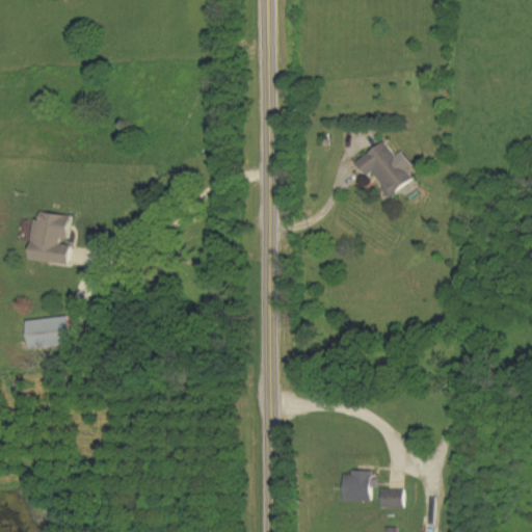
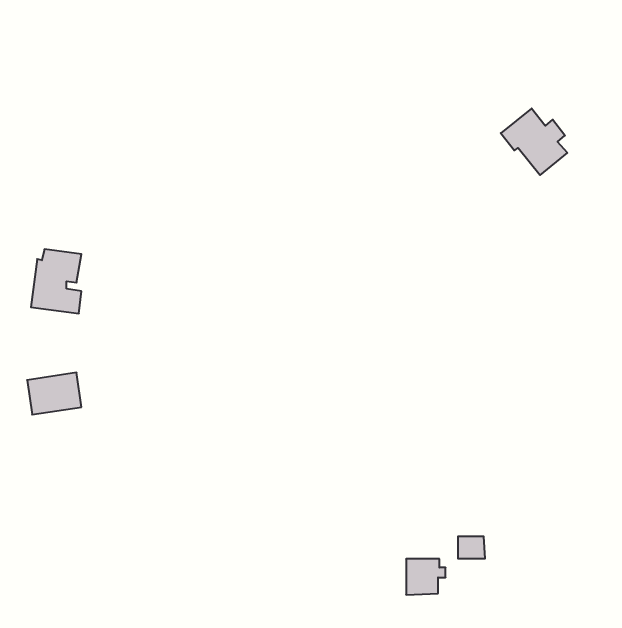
building: [354,140,410,196] -> [501,108,567,175]
building: [378,488,401,507] -> [458,536,485,559]

